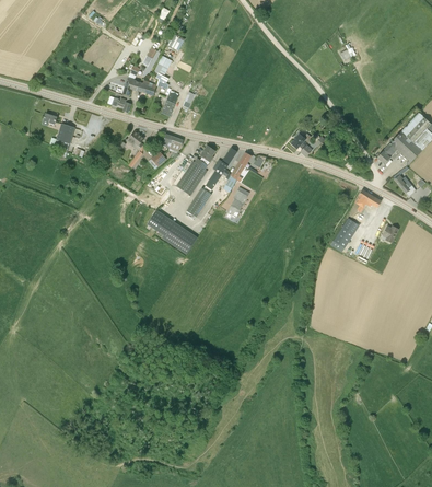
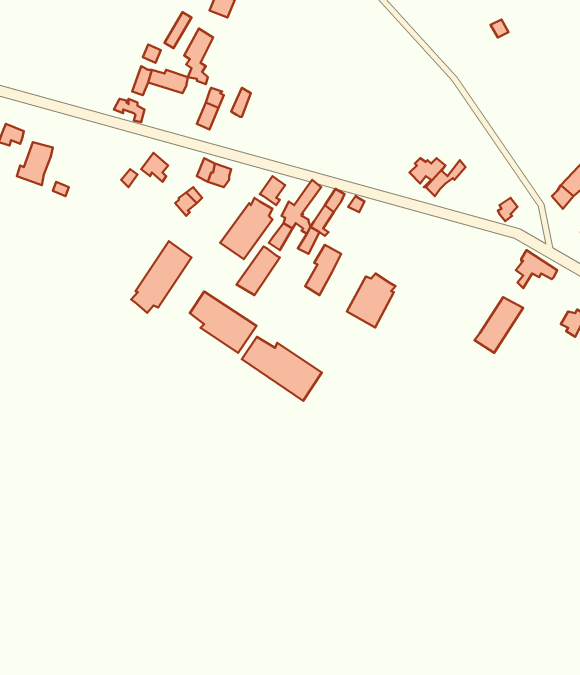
building: none -> [131,241,192,313]
building: none -> [347,274,396,327]
building: none -> [242,337,322,401]

